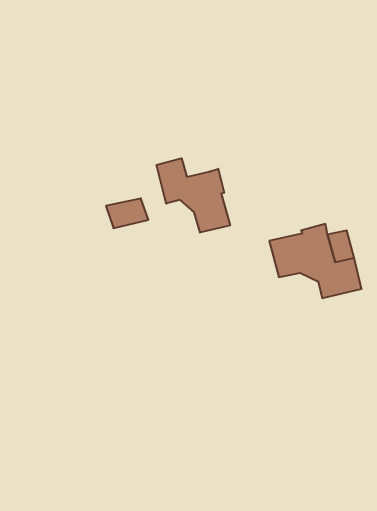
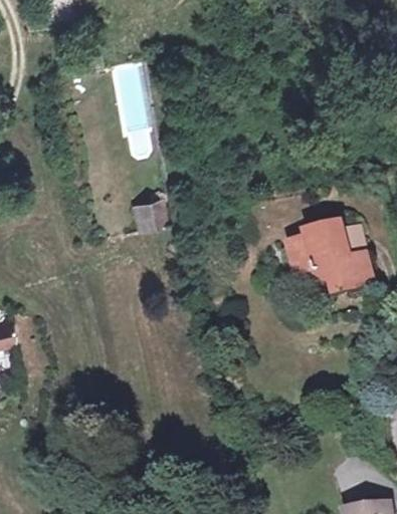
building: [156,158,230,233] -> none

